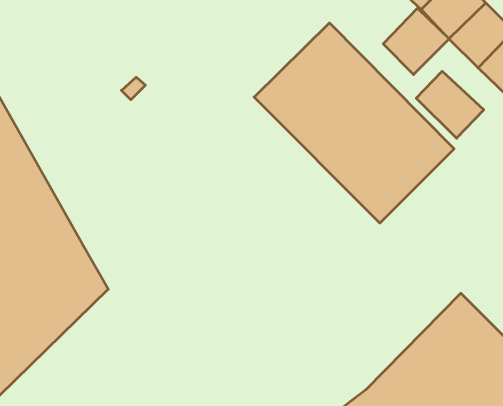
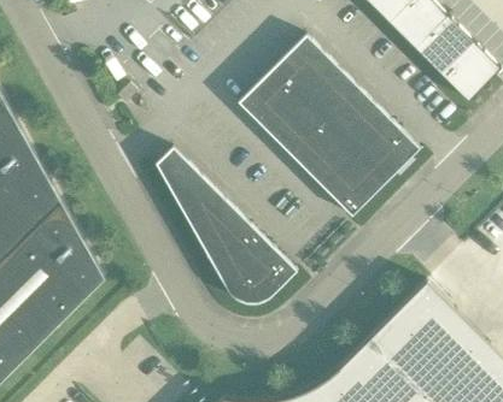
building: [383,8,449,75] -> none
building: [416,71,484,138] -> none
building: none -> [156,146,297,302]

